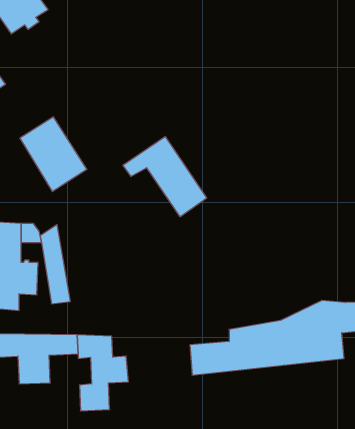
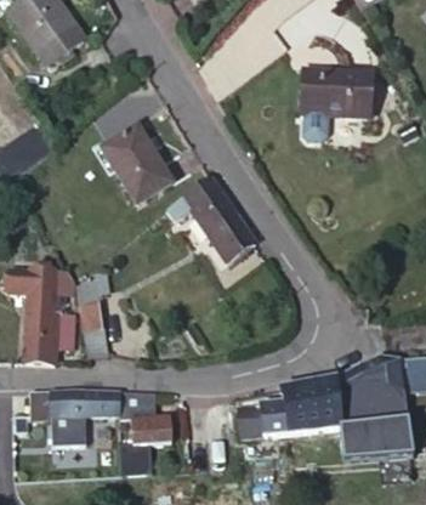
building: none -> [302,68,371,118]
building: [20,117,87,192] -> [101,123,174,204]
building: none -> [341,418,410,455]

